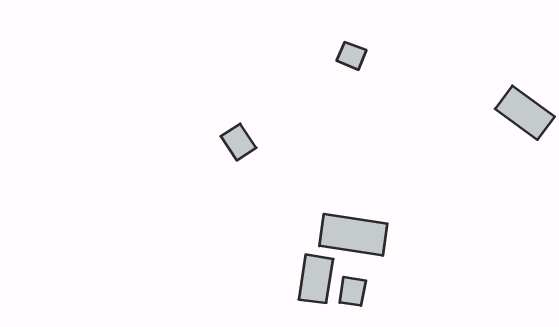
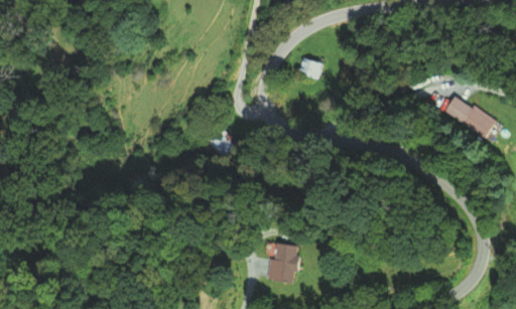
building: [319,214,387,256] -> none
building: [340,277,366,306] -> none

